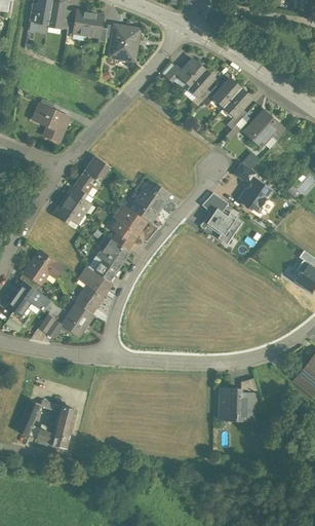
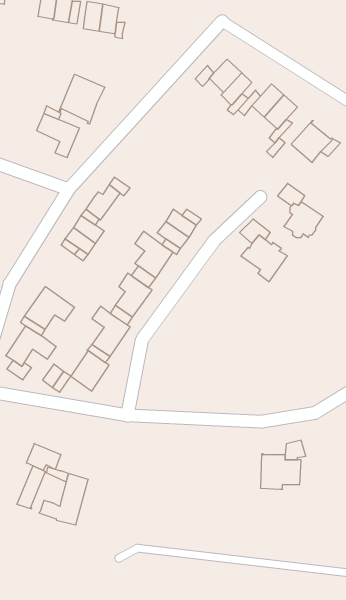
building: [110,25,139,62] -> none
building: none -> [59,74,105,124]
building: none -> [26,443,61,470]

